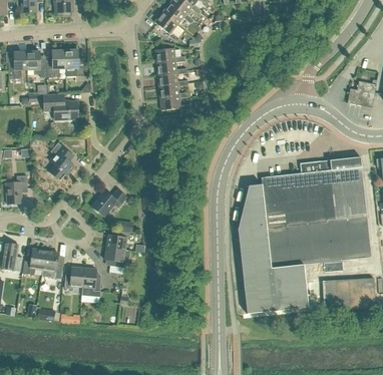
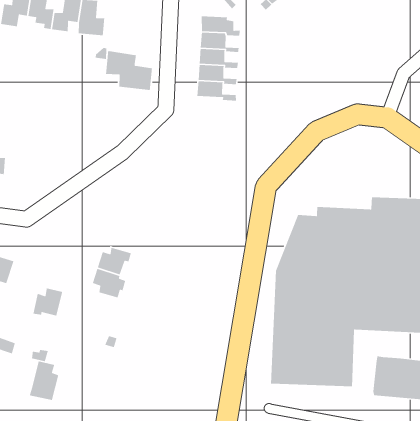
building: [42,93,78,119] -> [105,50,153,91]
building: [48,142,75,179] -> none
building: [91,189,126,217] -> none
building: [42,251,64,279] -> none
building: [81,268,101,296] -> [29,361,59,401]

